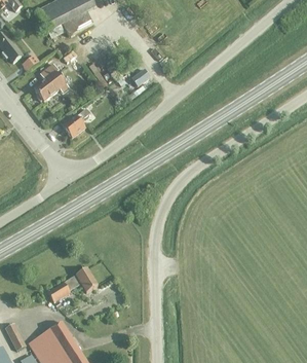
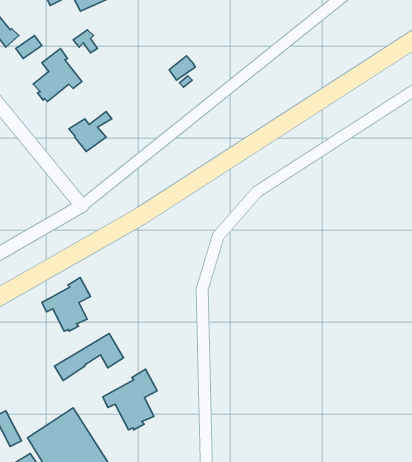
building: none -> [42,278,90,331]
building: none -> [103,369,157,430]

